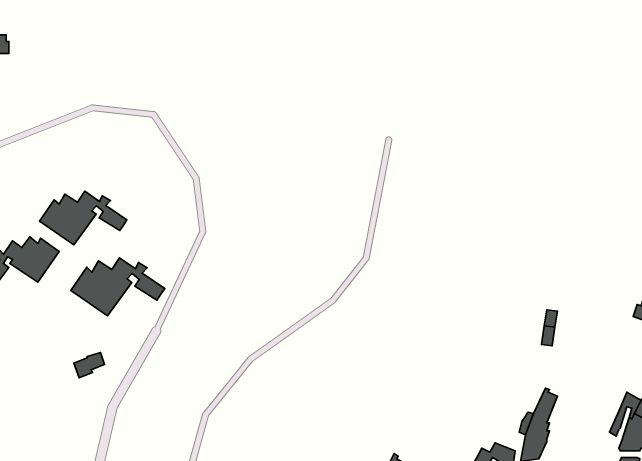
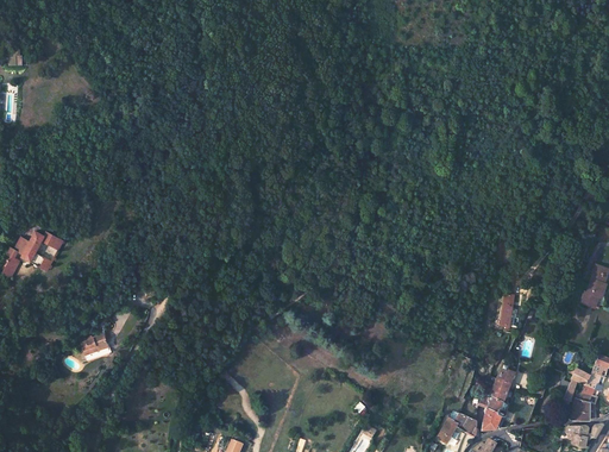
building: [40,191,127,245] -> none
building: [71,258,165,316] -> none

